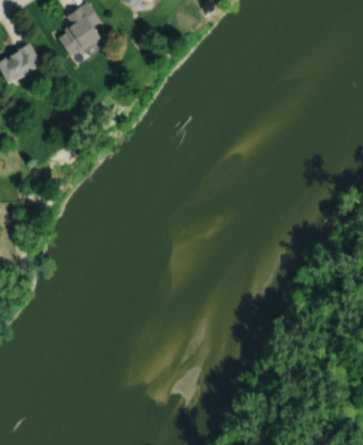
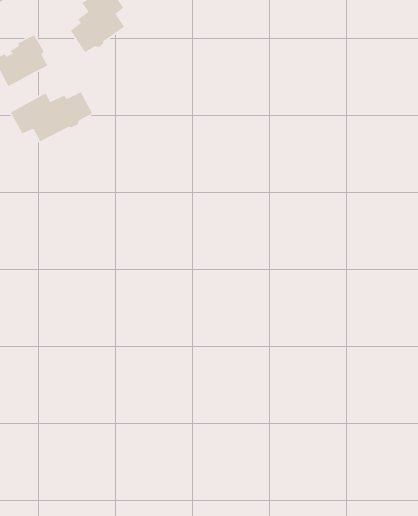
building: none -> [10,91,93,142]

